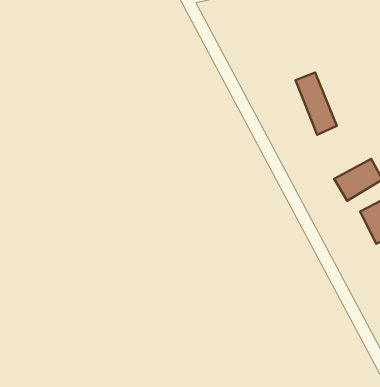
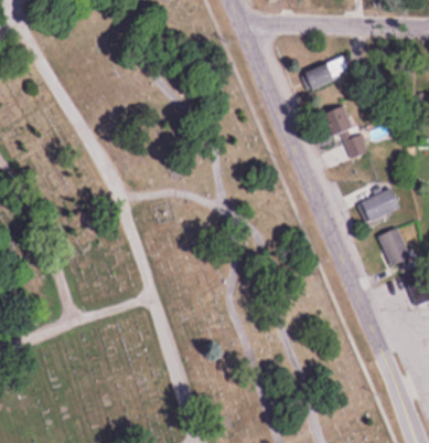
building: none -> [302,55,352,93]

